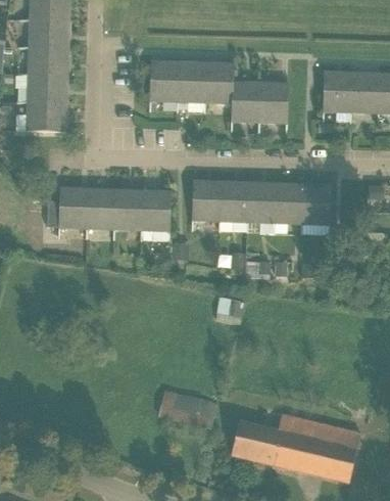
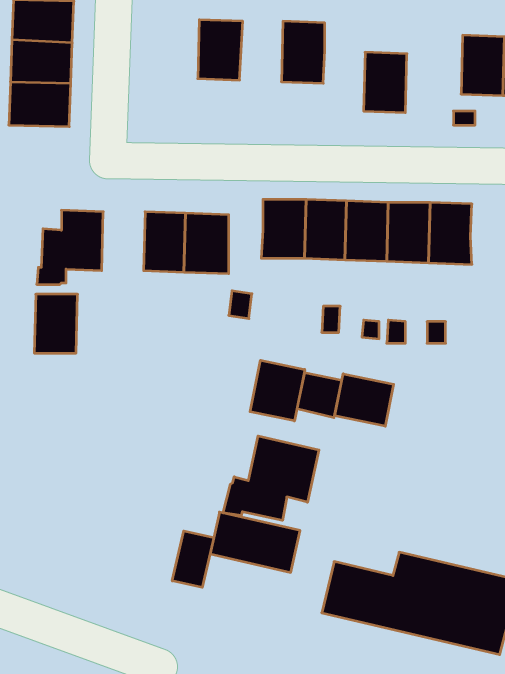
building: [177,63,205,111] -> none
building: [231,83,259,123] -> none
building: [86,189,114,228] -> [34,294,78,353]
building: none -> [250,360,305,421]
building: none -> [335,374,394,426]
building: none -> [223,436,319,520]
building: none -> [172,531,214,587]

